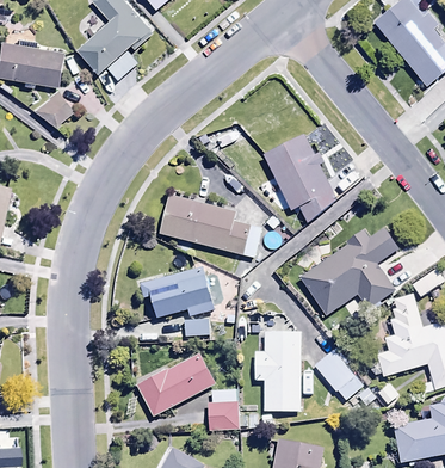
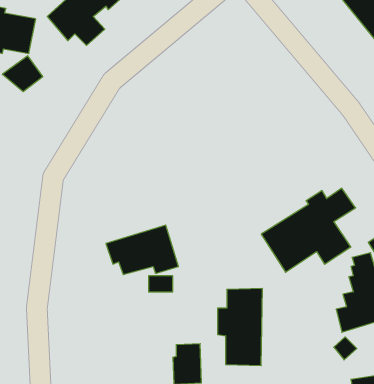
building: [265,135,336,222] -> none
building: [160,195,262,258] -> none
building: [314,349,364,400] -> none
building: [138,353,215,417] -> none

